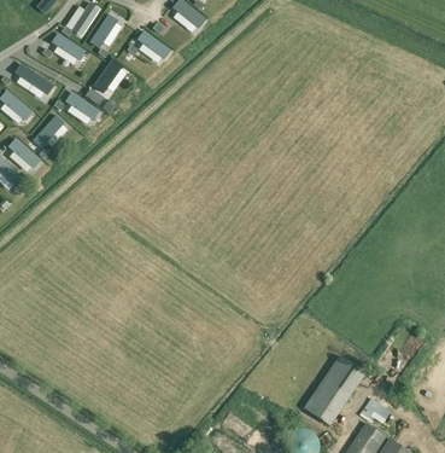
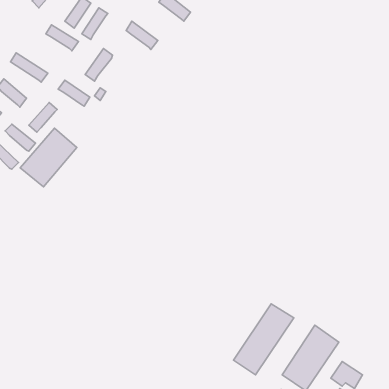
building: none -> [20,128,77,187]
building: none -> [234,304,294,375]

